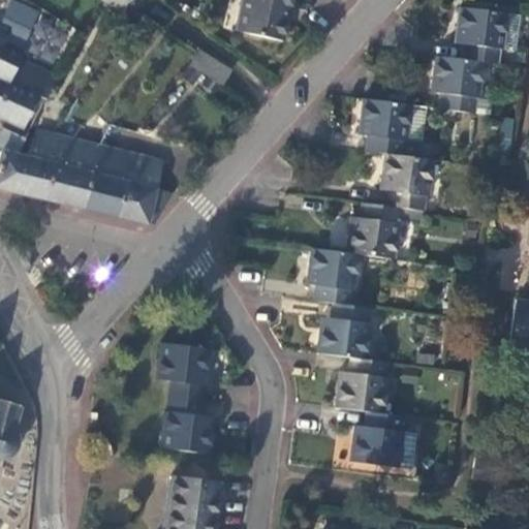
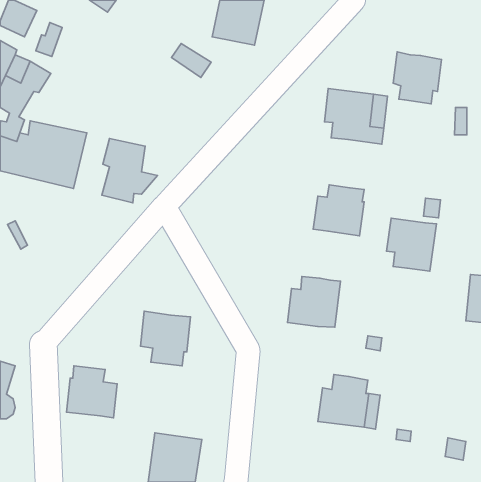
building: [457,7,510,66] -> none
building: [82,146,121,214] -> none
building: [377,153,432,211] -> [386,218,436,271]
building: [306,246,361,305] -> none
building: [335,357,388,412] -> none
building: [158,397,214,454] -> [66,366,117,418]

